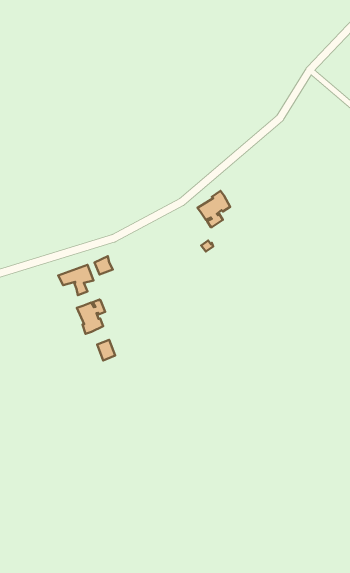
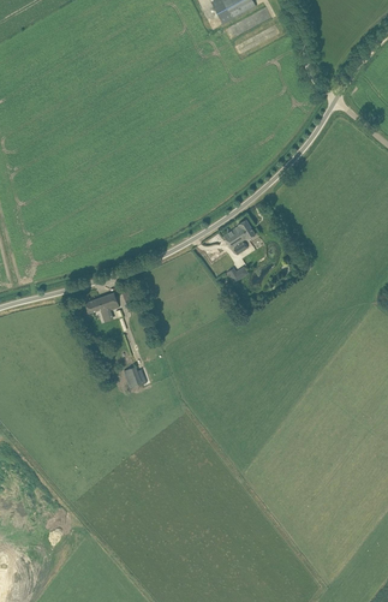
building: [77,299,105,334] -> none

